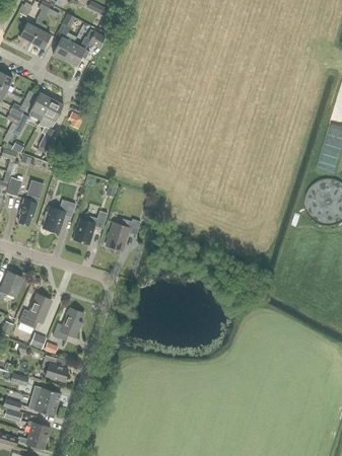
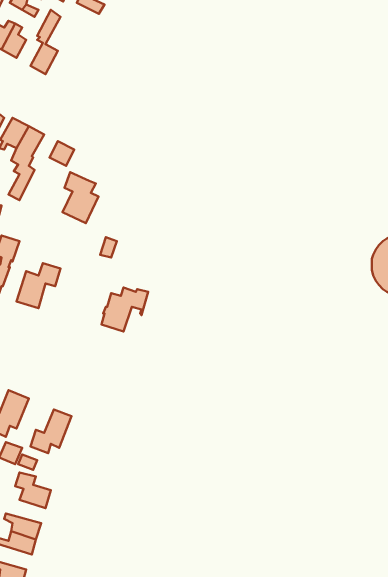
building: [64,28,105,66] -> none
building: none -> [62,172,99,223]
building: [73,210,108,244] -> none

